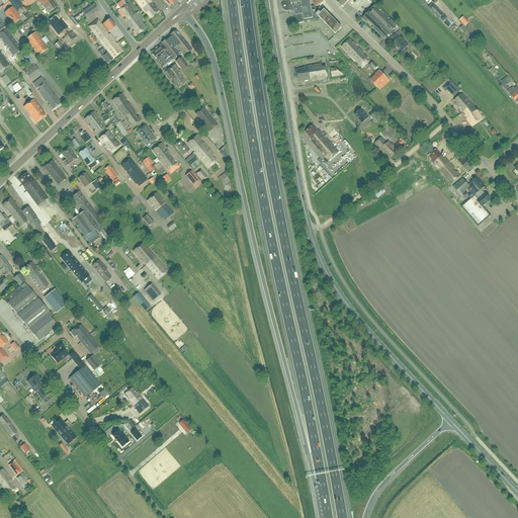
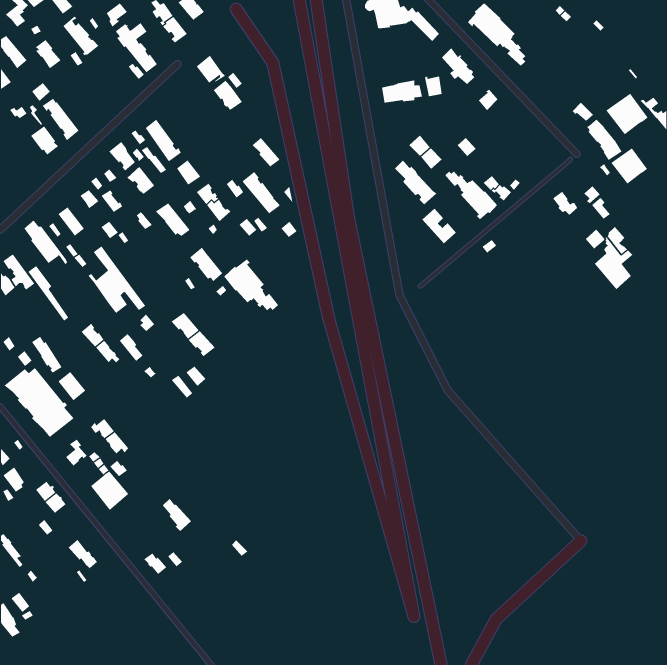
building: [162,28,192,57] -> none
building: none -> [606,93,648,135]
building: none -> [611,148,648,184]
building: none -> [444,171,498,220]
building: none -> [223,259,279,311]

